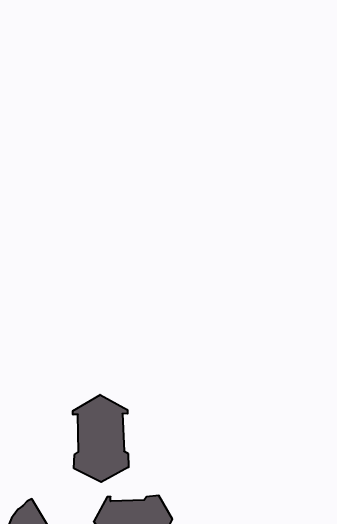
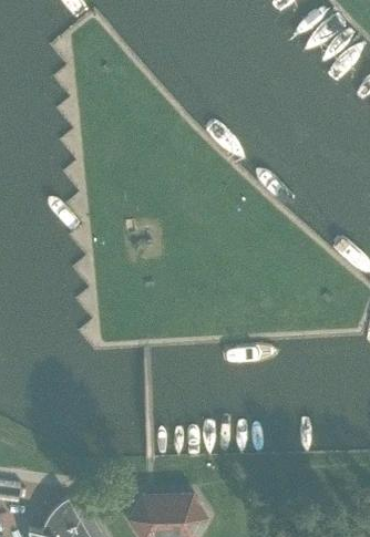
building: [73,395,129,482] -> none

